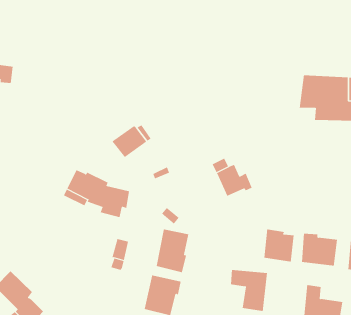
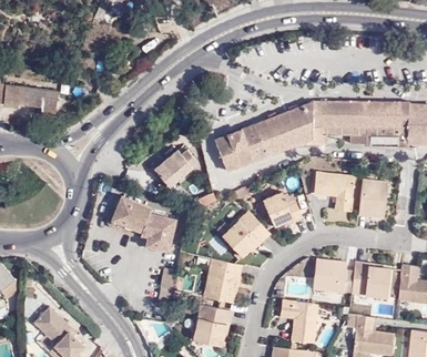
building: none -> [216,99,355,170]
building: none -> [316,173,356,213]
building: none -> [362,181,390,217]
building: none -> [224,212,271,256]

